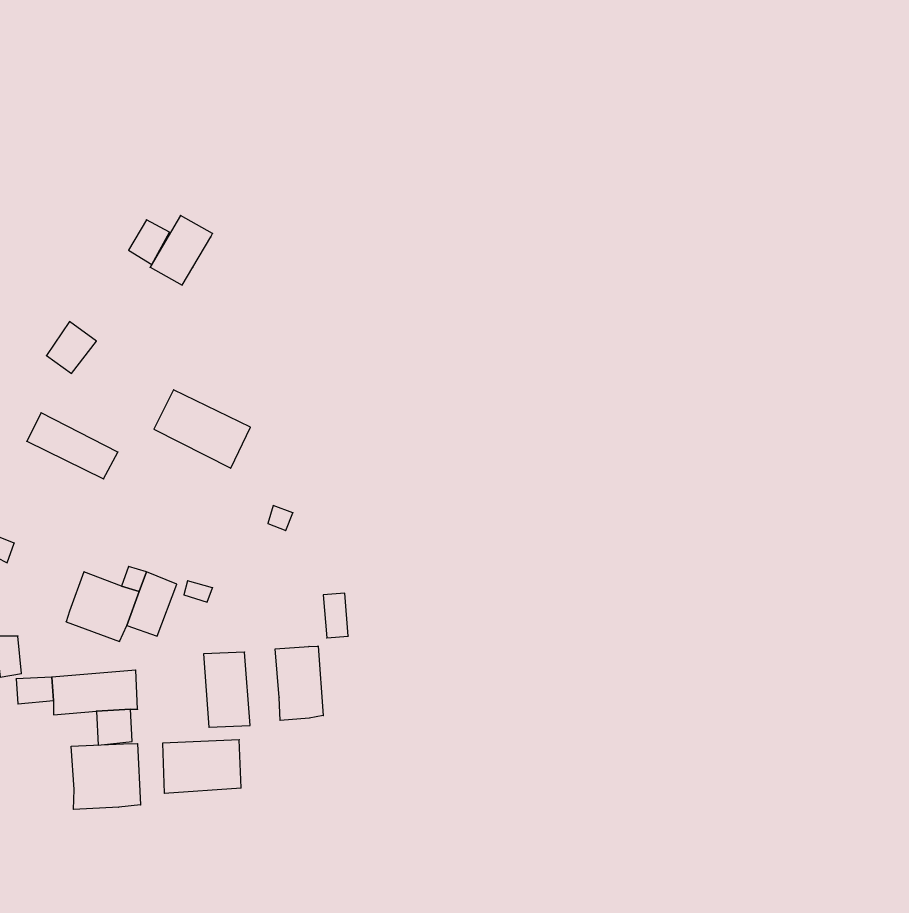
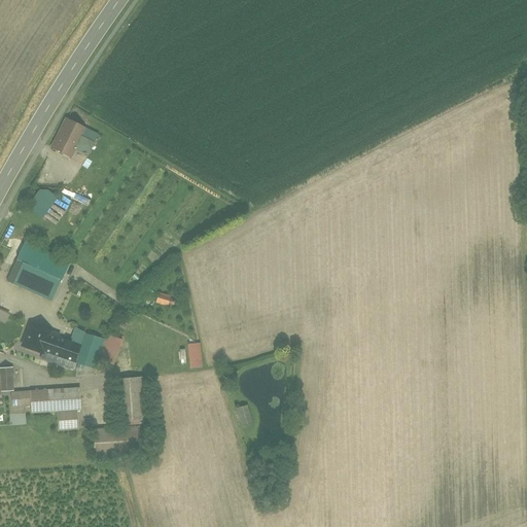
building: [150,215,213,285] -> [49,114,85,154]
building: [154,390,250,468] -> [4,254,60,300]
building: none -> [21,322,48,352]
building: [275,646,323,720] -> none
building: [71,744,141,809] -> none

